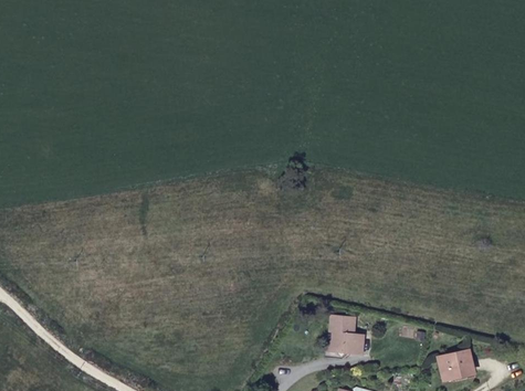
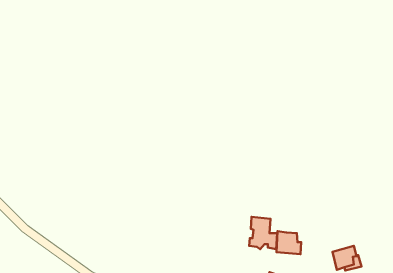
building: none -> [277,231,301,254]

